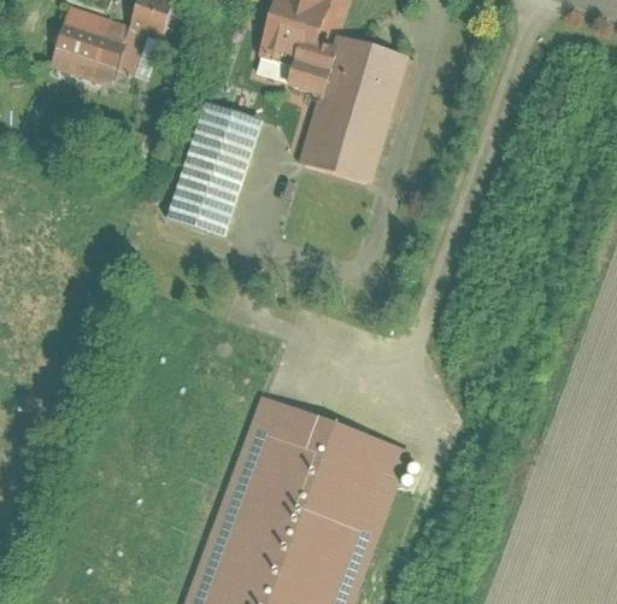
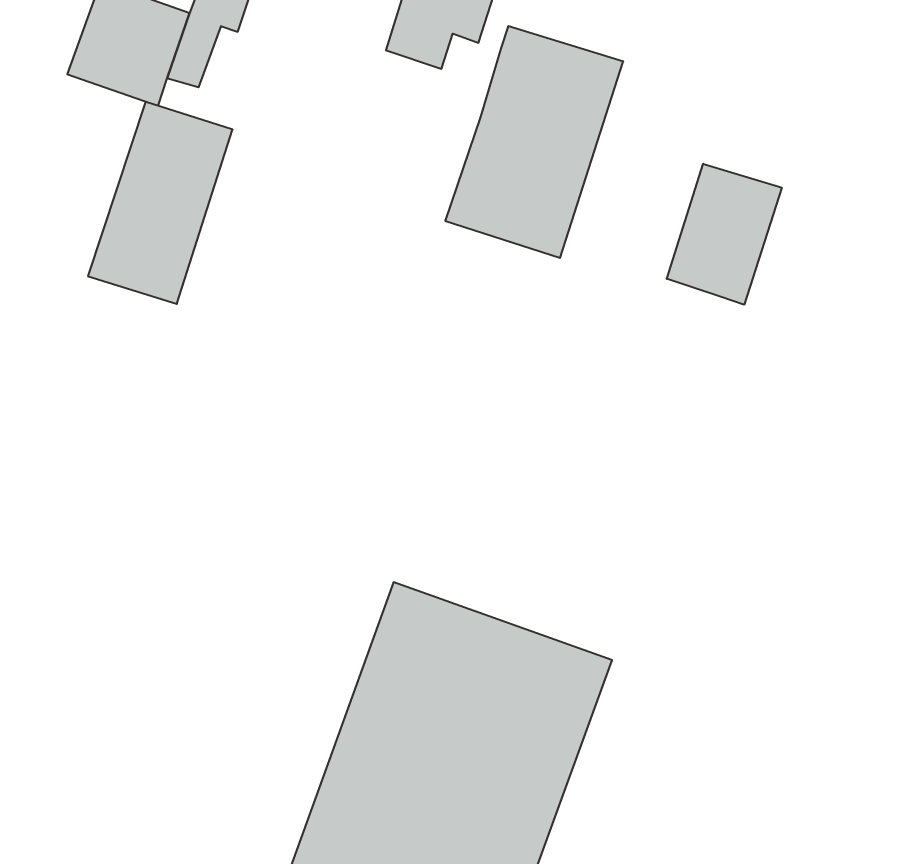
building: [287,40,331,94] -> none
building: [168,104,262,235] -> [88,102,233,304]
building: none -> [667,164,782,305]

